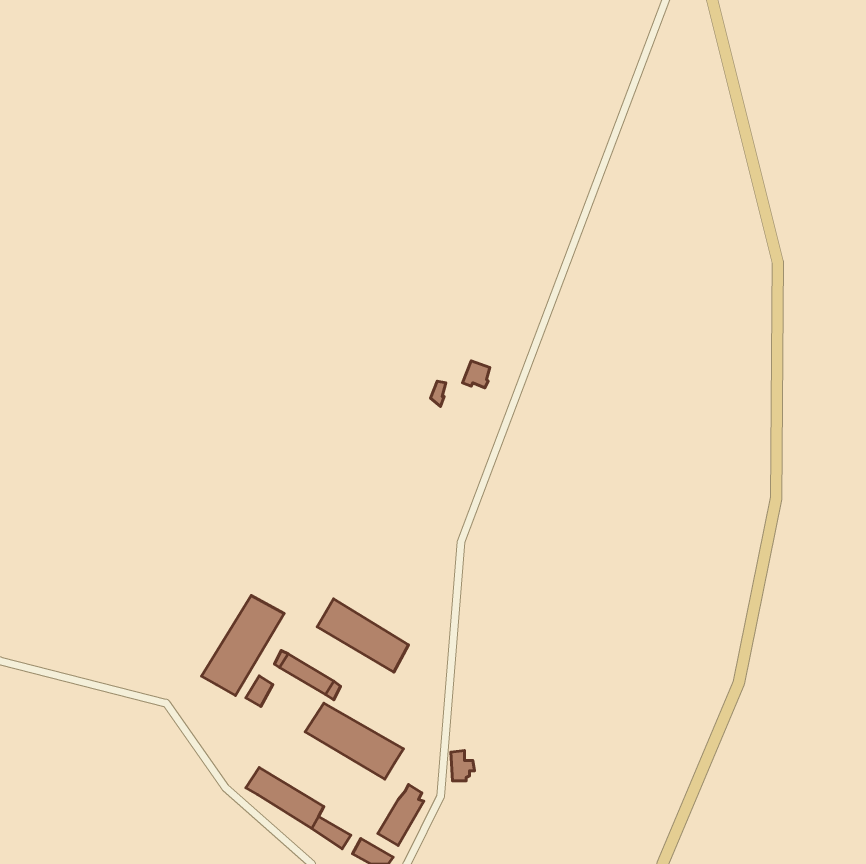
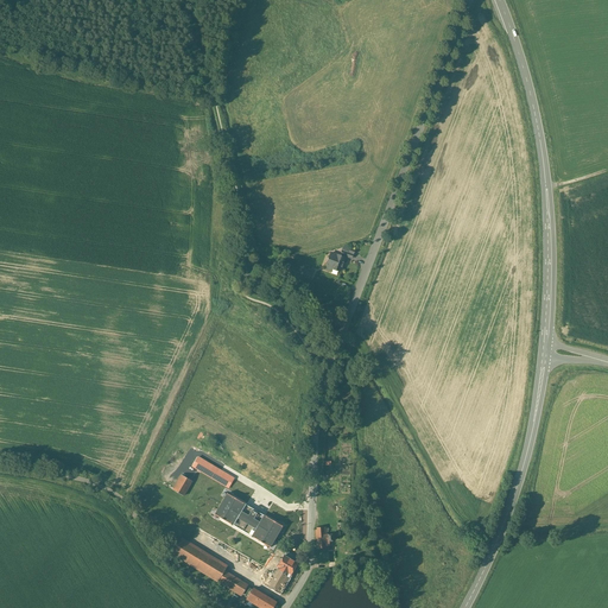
building: [201,596,284,696] -> none
building: [317,599,409,672] -> none

